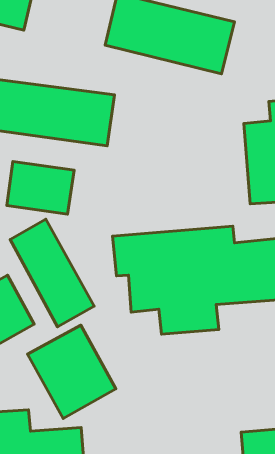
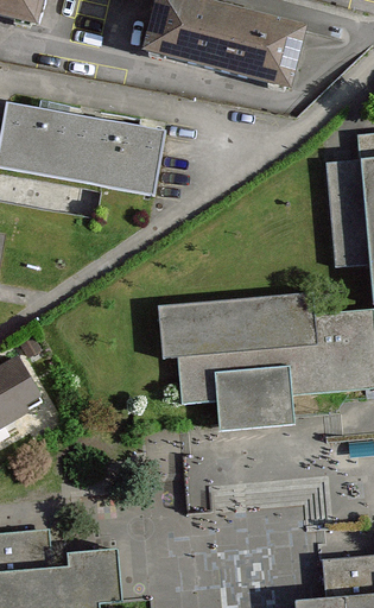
building: [7,162,74,214] -> none
building: [10,219,94,327] -> none
building: [27,325,116,418] -> none

